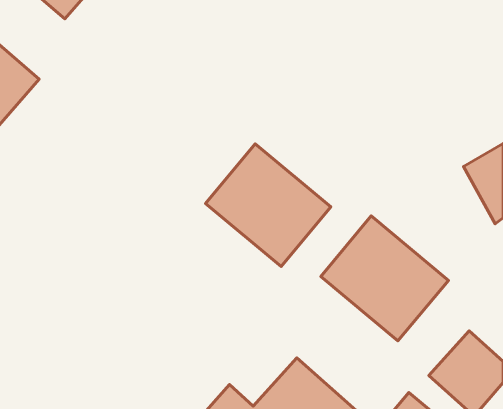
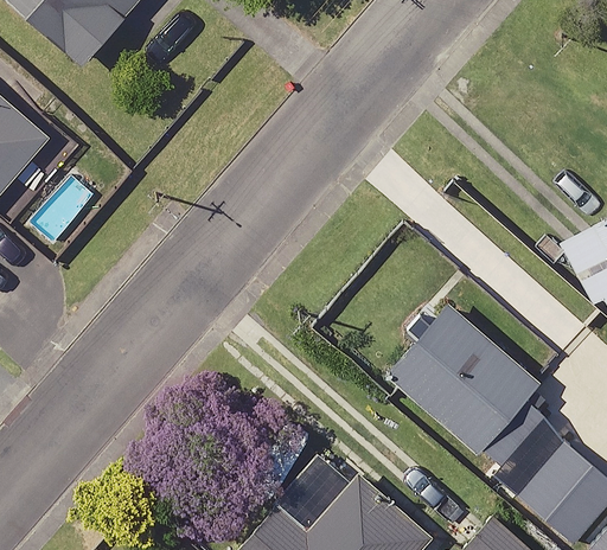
building: [205,144,331,267] -> none

